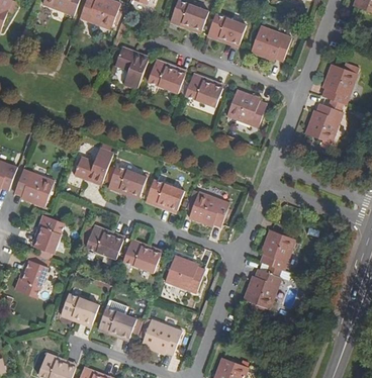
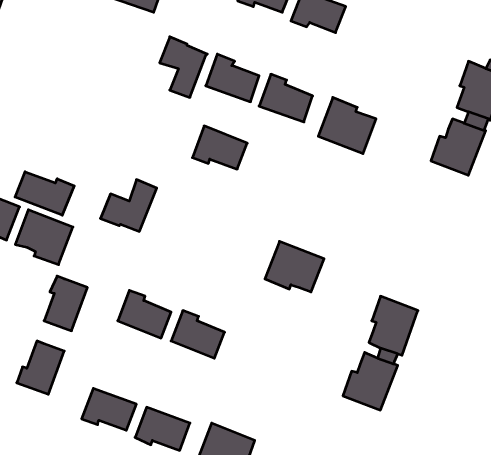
building: [251,25,292,61] -> none
building: none -> [15,172,74,215]
building: [108,165,147,195] -> [192,126,247,169]
building: [146,179,184,209] -> none
building: [165,255,204,293] -> none

